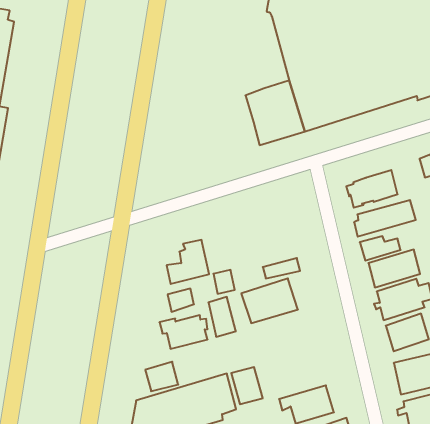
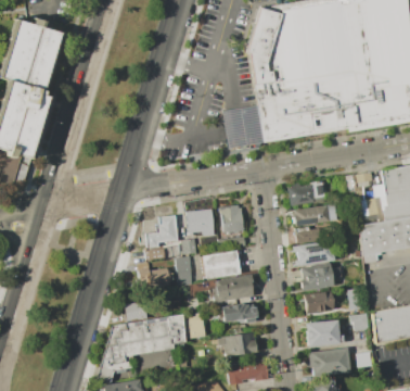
building: none -> [221,206,244,234]
building: none -> [187,210,215,236]
building: none -> [213,276,255,303]
building: none -> [222,304,257,323]

